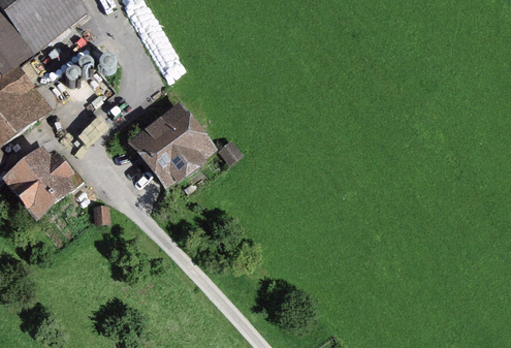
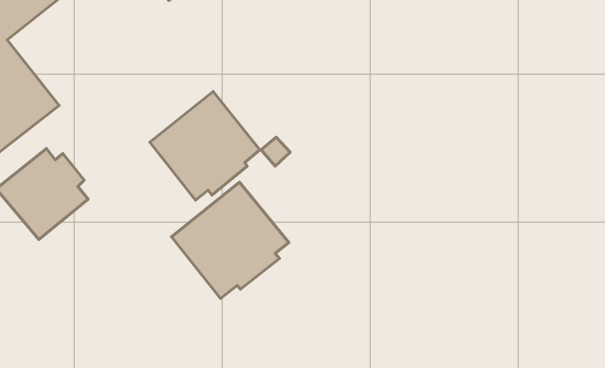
building: none -> [171,182,289,299]

